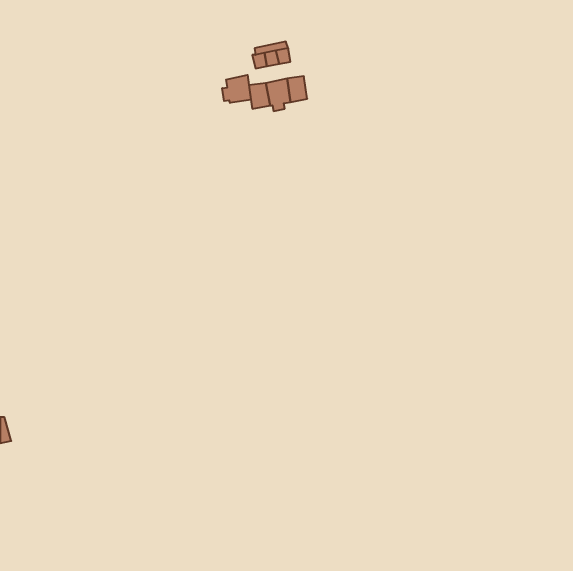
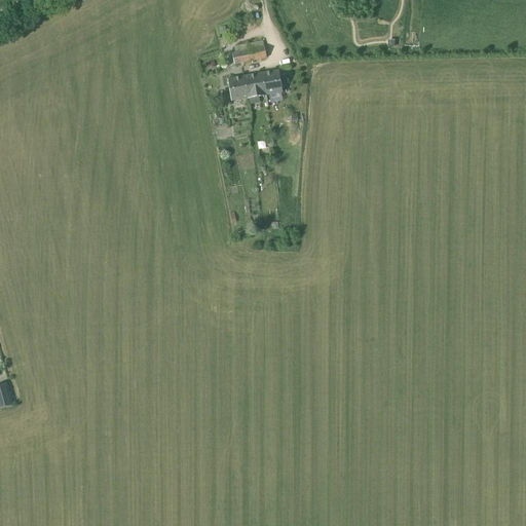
building: [222,75,251,103] -> none

